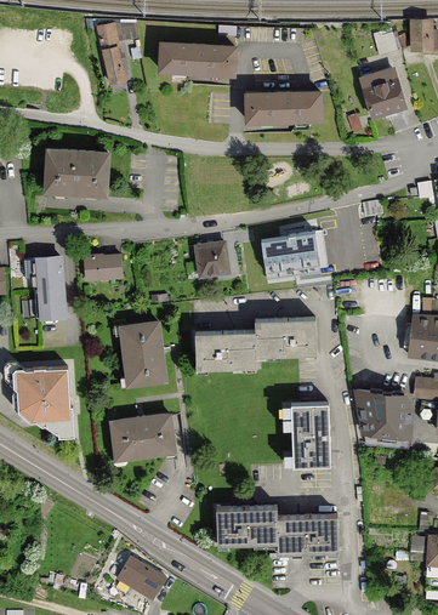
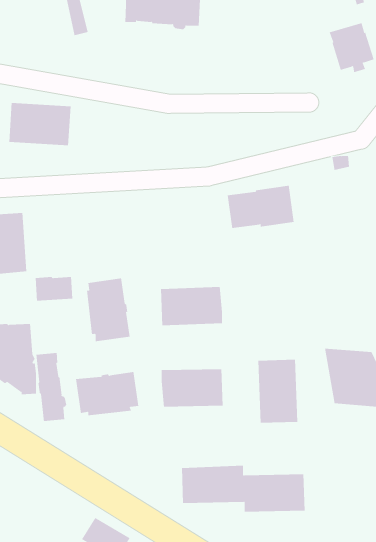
building: [246,92,322,125] -> none
building: [197,243,229,279] -> none
building: [85,255,123,279] -> [35,276,73,301]
building: [255,318,317,355] -> [161,369,224,407]
building: none -> [36,352,67,422]

